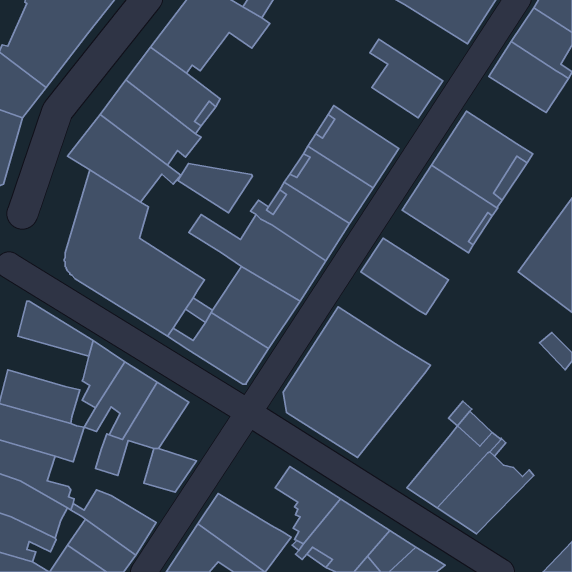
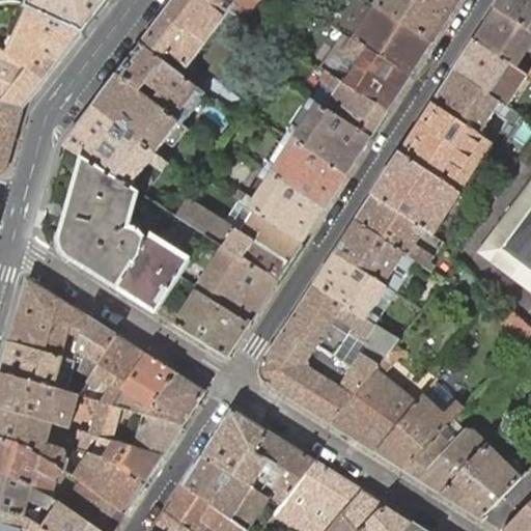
building: none -> [352,4,431,75]
building: none -> [317,68,386,137]
building: none -> [430,71,519,133]
building: [178,164,253,213] -> none
building: none -> [354,194,443,270]
building: none -> [312,251,394,323]
building: none -> [7,310,82,357]
building: none -> [330,343,416,450]
building: none -> [146,371,203,425]
building: none -> [201,408,275,485]
building: none -> [73,429,162,482]
building: none -> [440,439,521,516]

